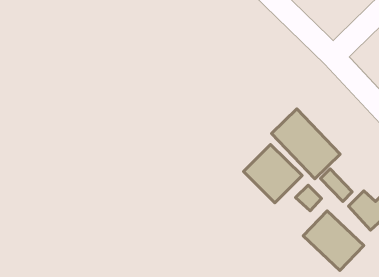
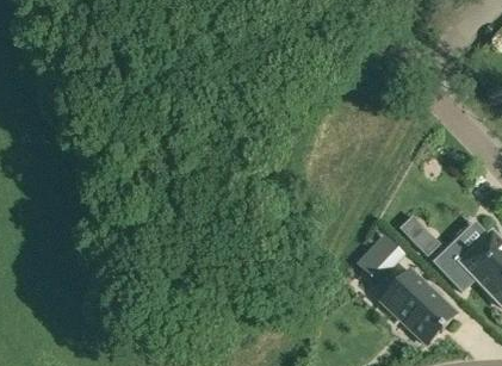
building: [272,109,340,179] -> none
building: [243,144,302,203] -> none

